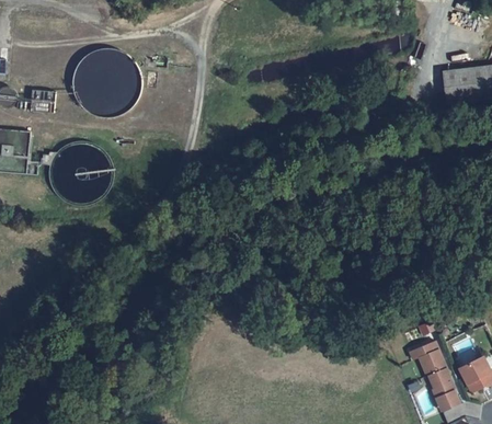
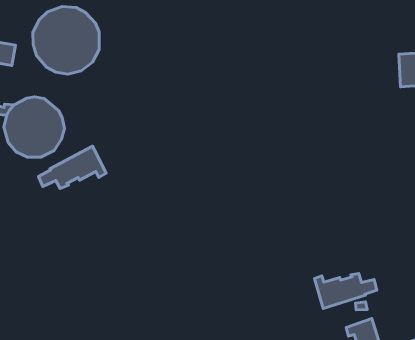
building: none -> [39,146,106,189]
building: none -> [314,273,377,309]

